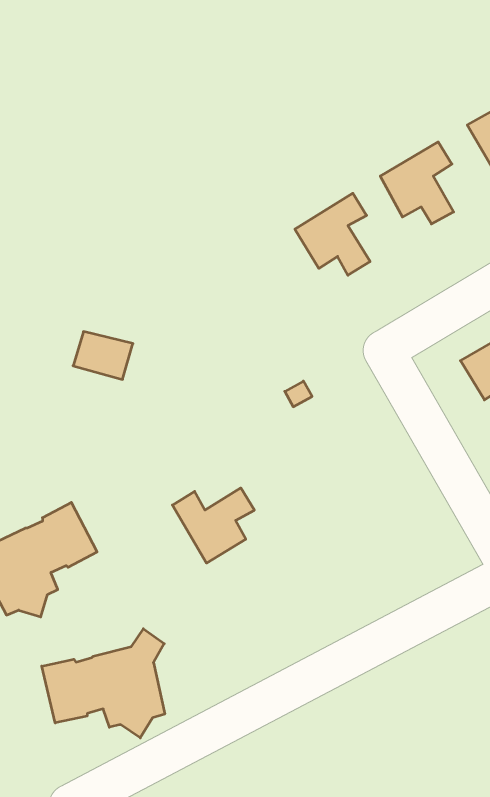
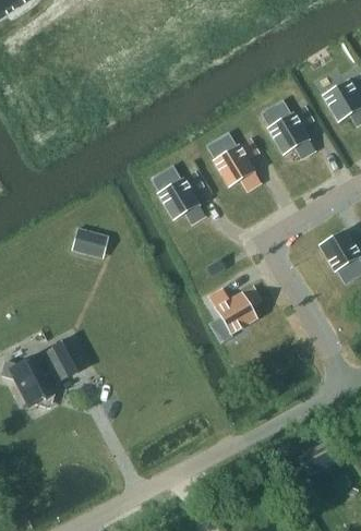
building: none -> [157,172,205,225]
building: [172,488,254,563] -> [208,286,261,334]
building: [42,629,165,738] -> none

